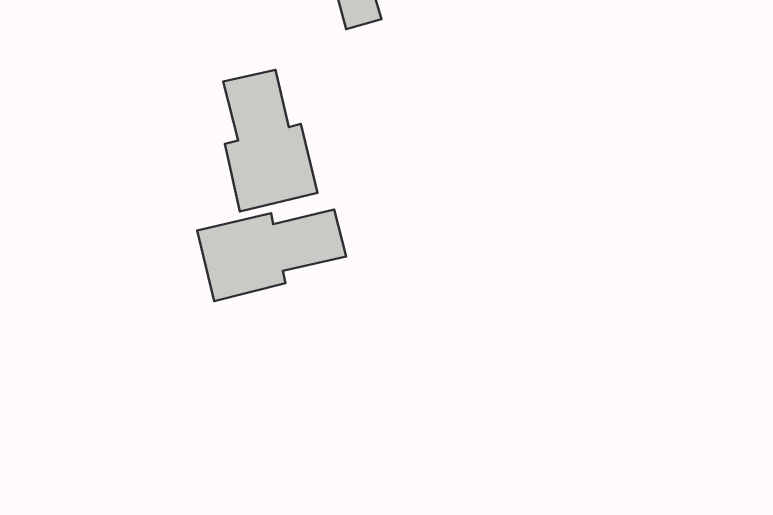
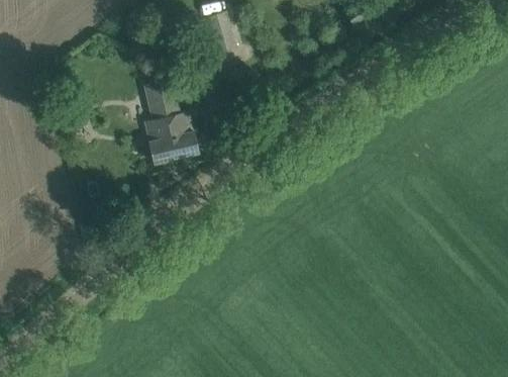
building: [197,209,346,301] -> none

